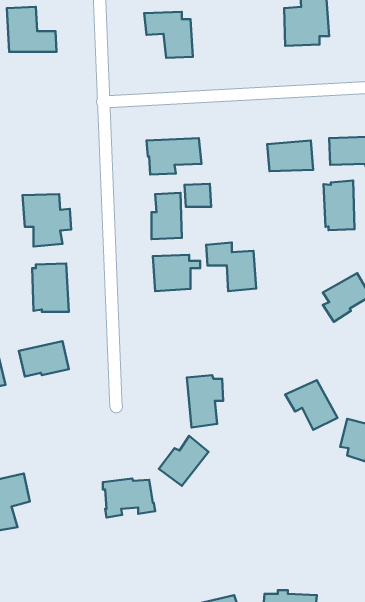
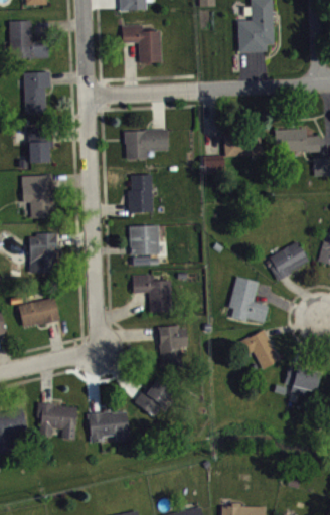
building: none -> [23,71,50,114]
building: none -> [19,121,53,170]
building: [324,181,354,230] -> none
building: [184,184,211,207] -> [202,155,224,174]
building: [206,242,256,291] -> [132,273,173,313]
building: none -> [228,276,269,323]
building: none -> [36,401,77,439]

